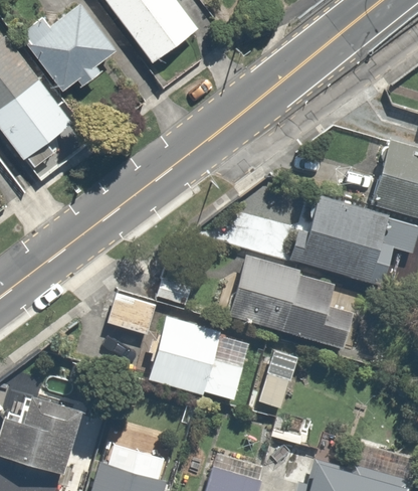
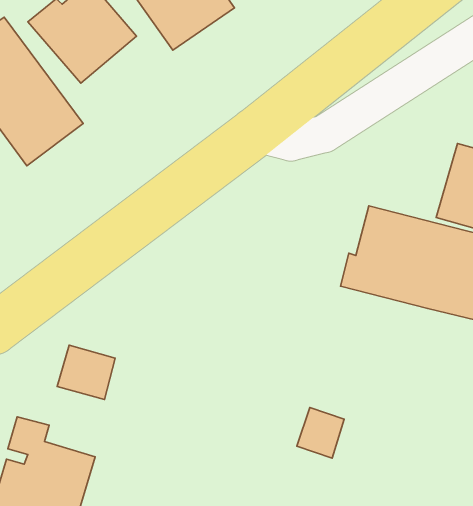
building: [230,253,365,347] -> none
building: [104,291,154,337] -> [57,345,115,399]
building: [148,313,254,404] -> none

